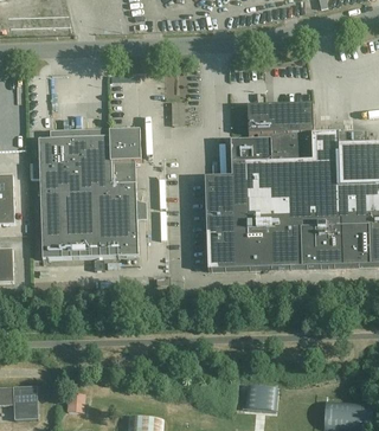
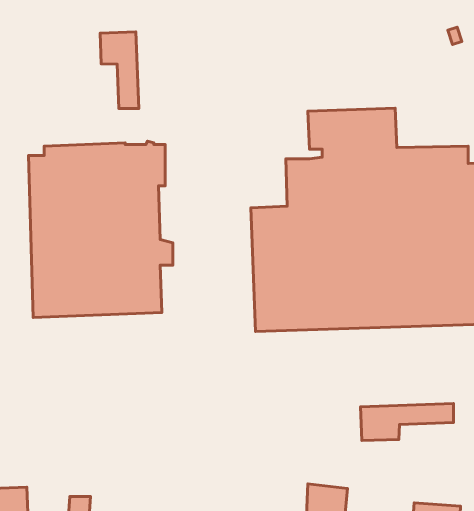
building: none -> [100,32,139,109]
building: none -> [360,404,454,441]

